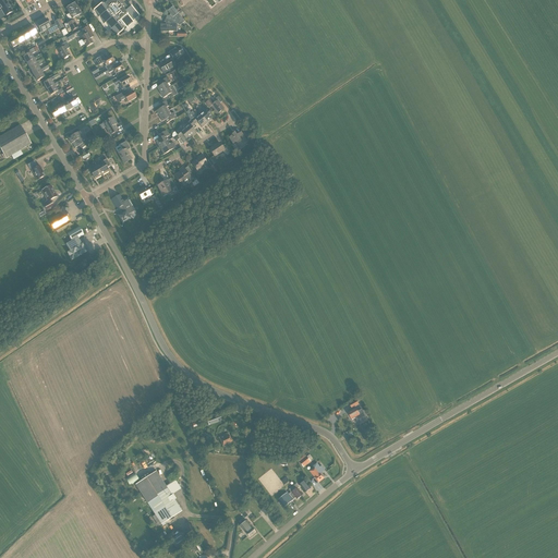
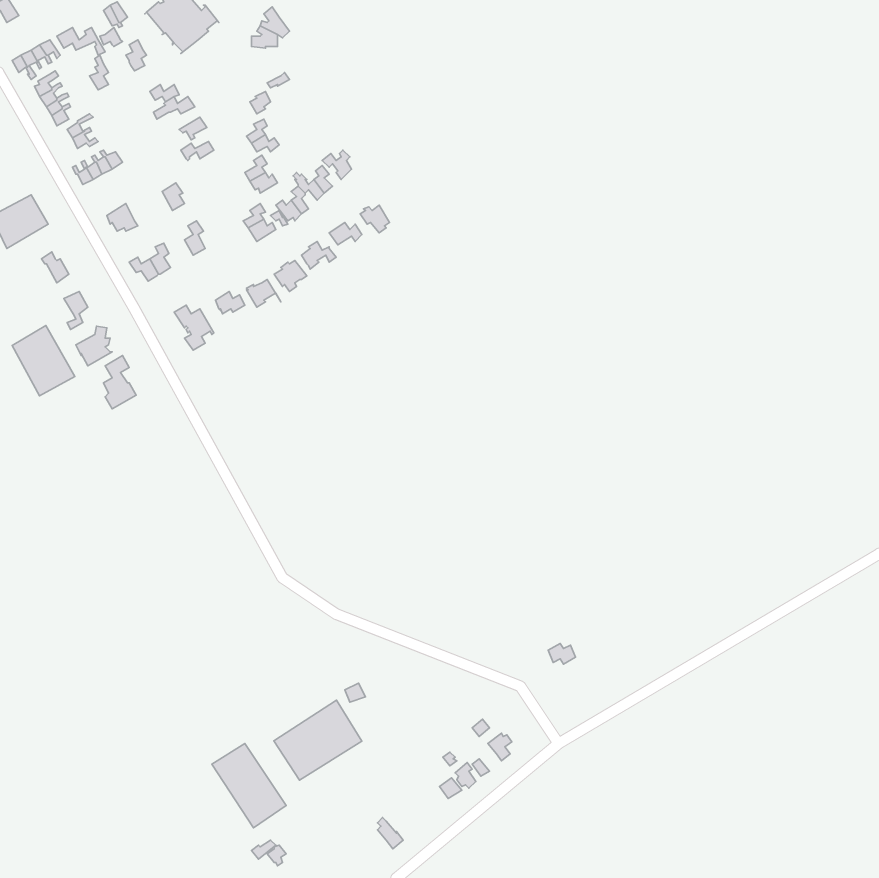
building: none -> [12,326,75,396]
building: none -> [274,700,362,780]

